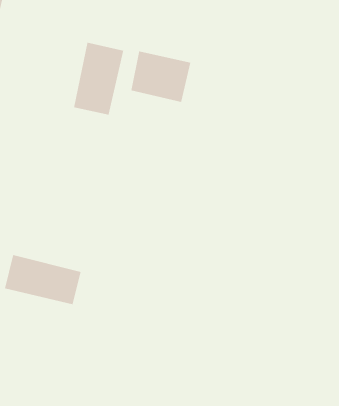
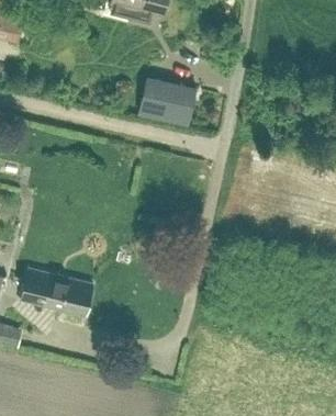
building: [73,42,124,115] -> none

